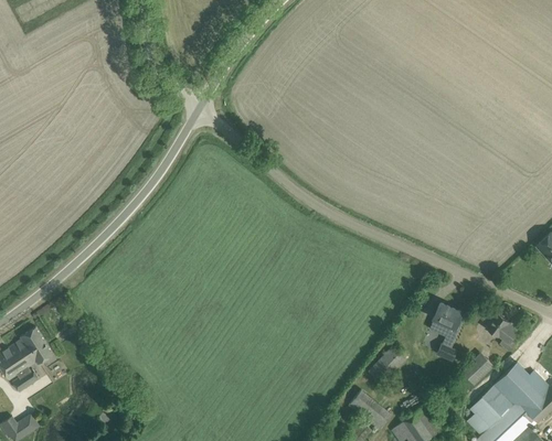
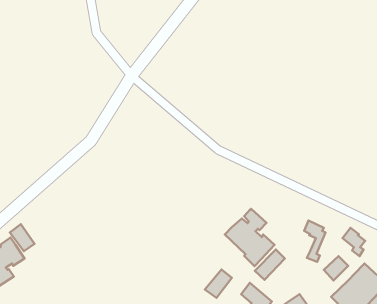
building: none -> [225,209,274,266]
building: none -> [10,224,34,251]
building: none -> [205,269,232,298]

